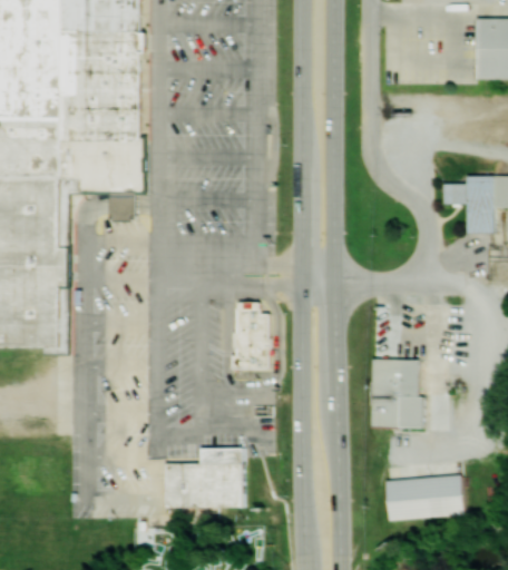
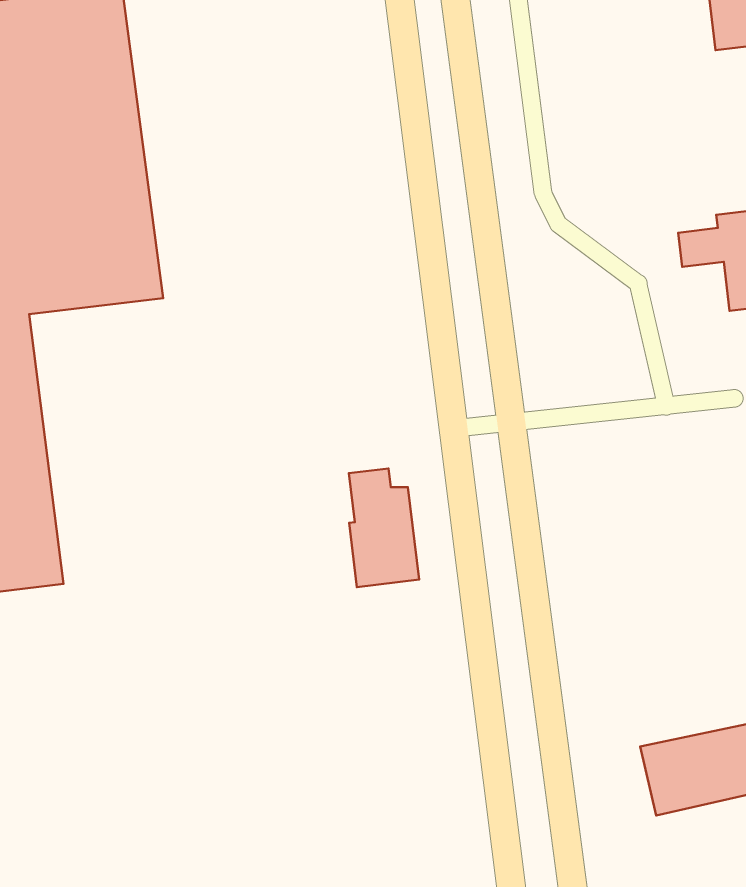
building: [370,356,424,426] -> none
building: [164,448,246,509] -> none

